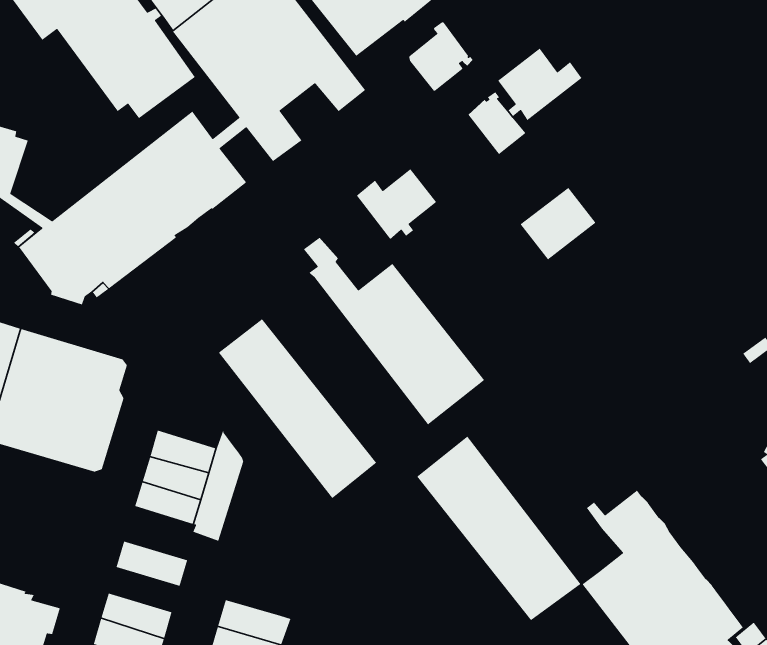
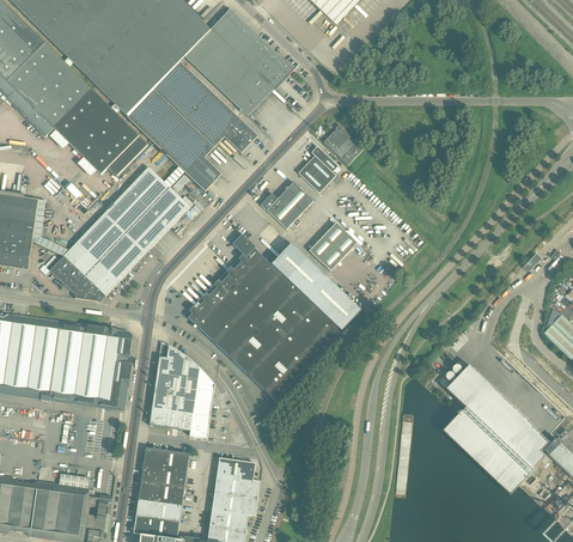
building: [408,21,474,92] -> [298,146,340,191]
building: [497,48,582,121] -> none
building: [520,187,597,260] -> [307,221,356,270]
building: none -> [156,340,197,378]
building: [416,435,582,621] -> [212,260,328,372]
building: none -> [140,464,185,487]
building: none -> [215,457,255,479]

